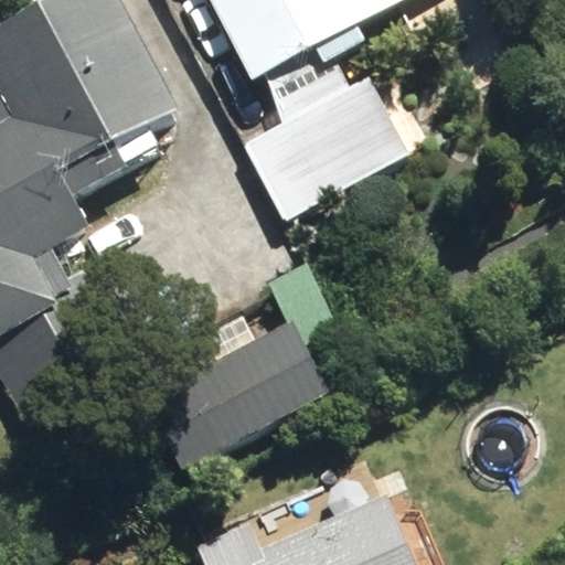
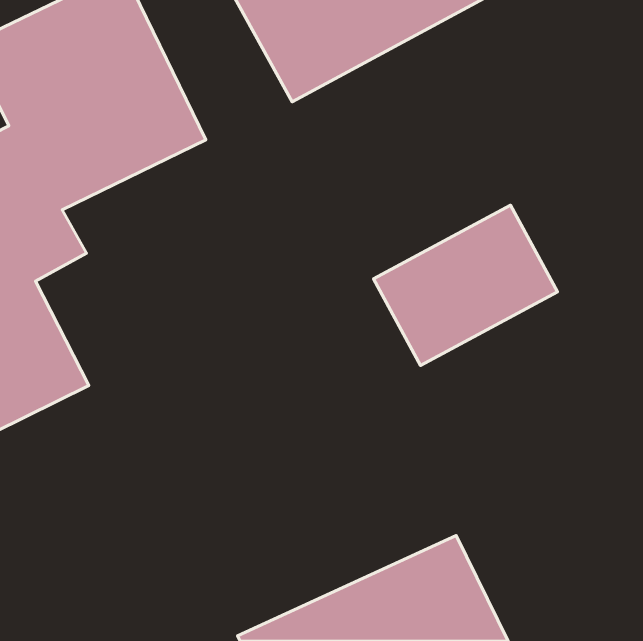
building: [246,79,406,218] -> [373,205,558,365]
building: [151,329,330,467] -> none

